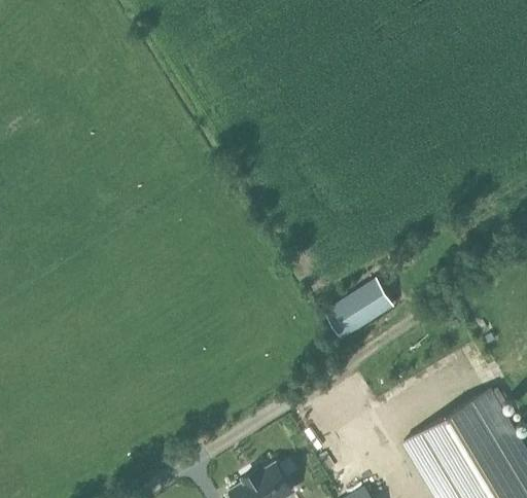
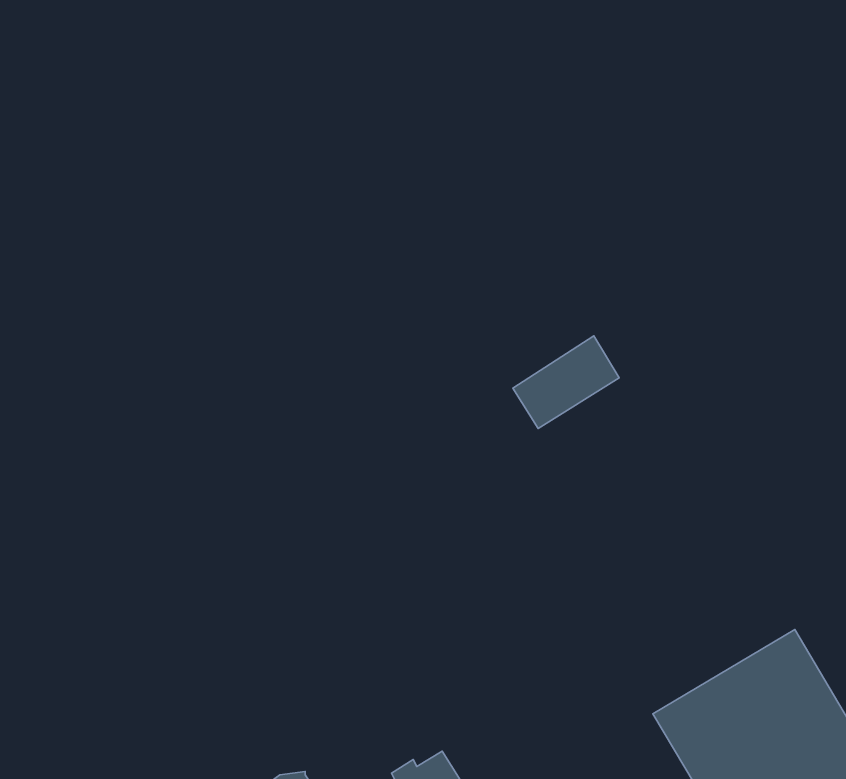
building: [326,281,391,337] -> [513,336,619,429]

